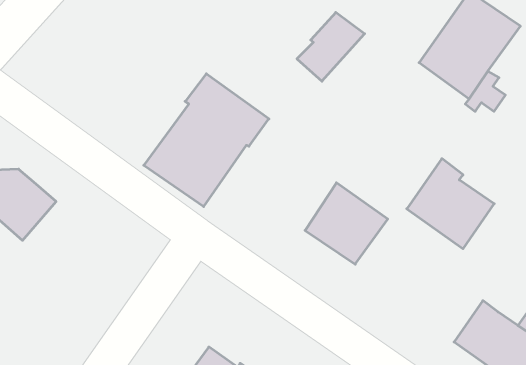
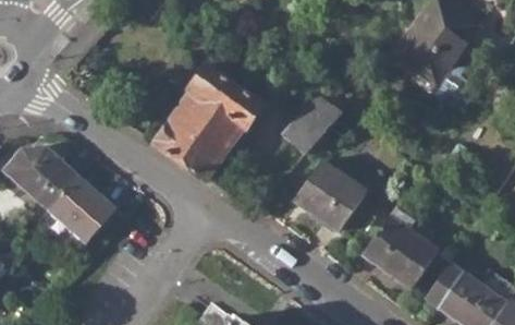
building: [297,12,365,81] -> [284,95,343,155]
building: [407,159,494,249] -> [363,212,439,290]
building: none -> [49,177,115,243]

